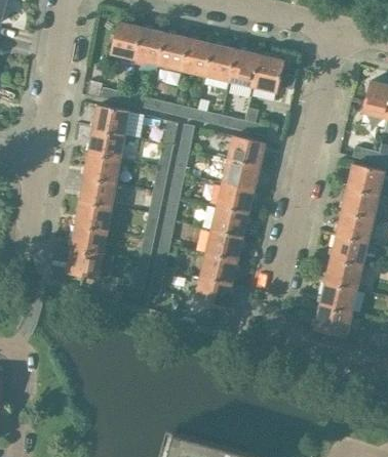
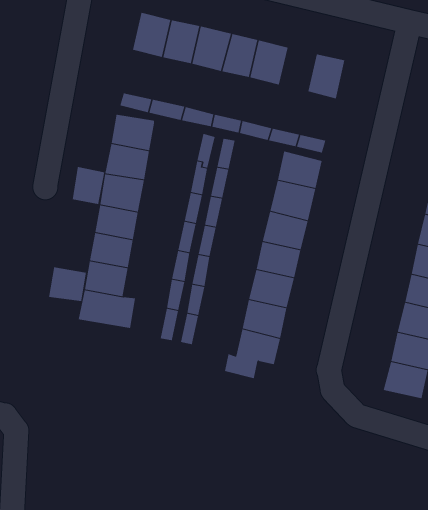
building: [230,50,260,86] -> none
building: none -> [72,166,105,205]
building: none -> [48,267,87,302]

